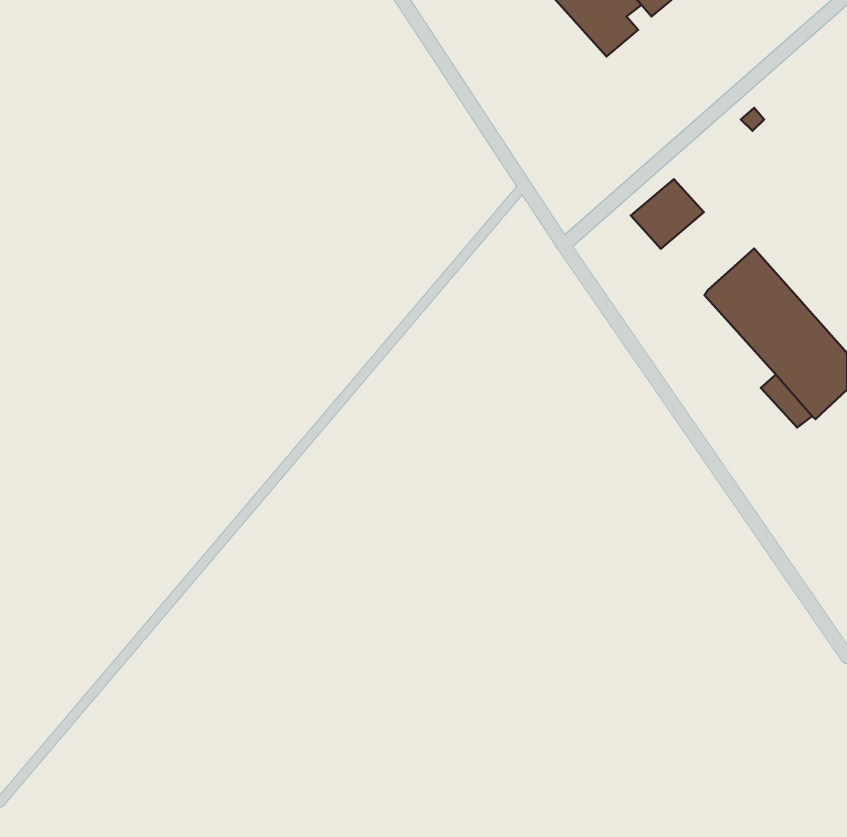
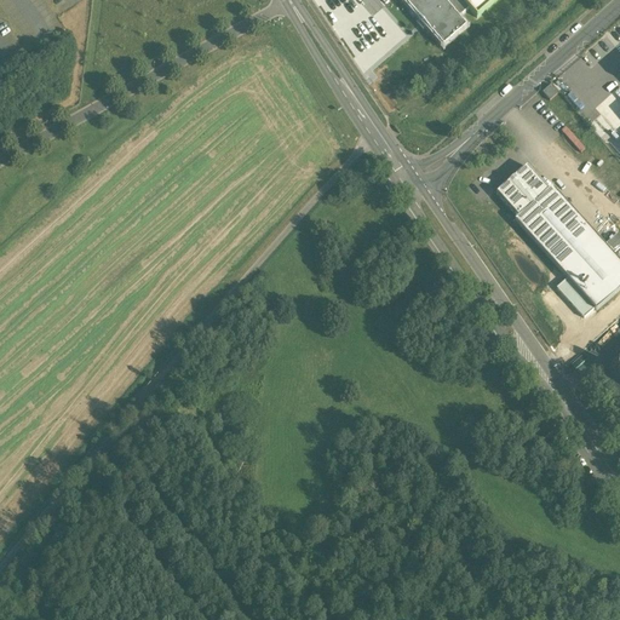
building: [631,179,704,249] -> [495,161,549,212]

